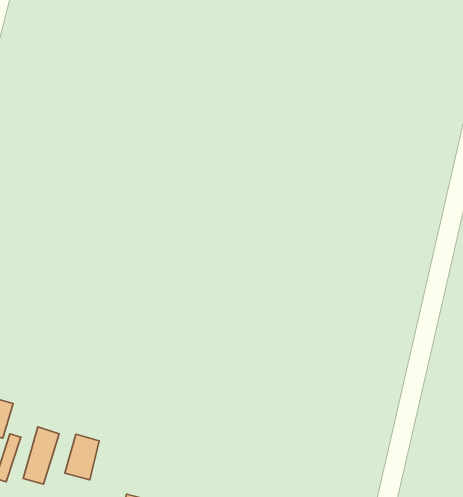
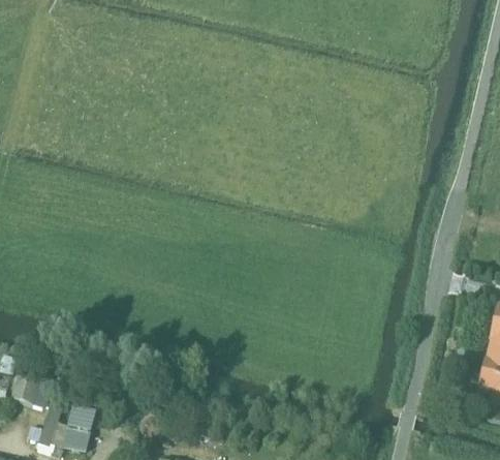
building: [65,434,99,480] -> none

